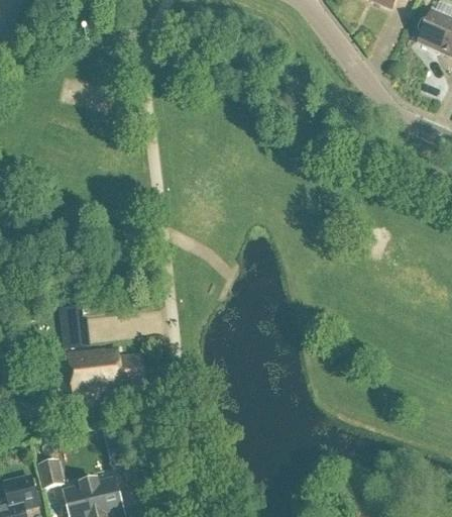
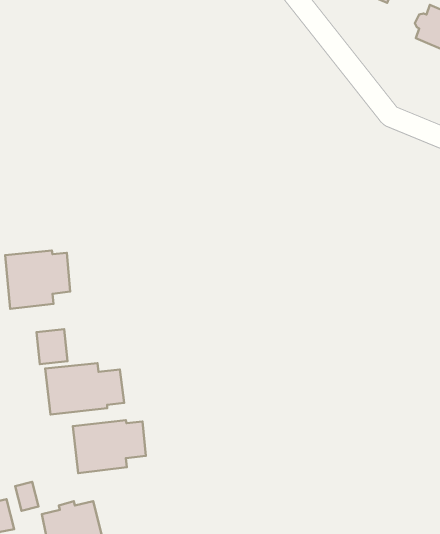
building: none -> [5,250,70,309]
building: none -> [73,420,146,473]

